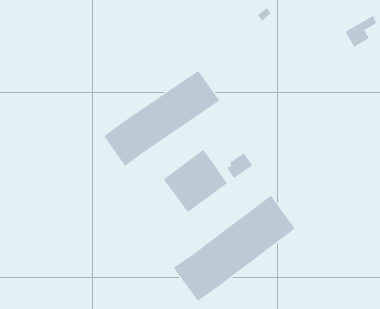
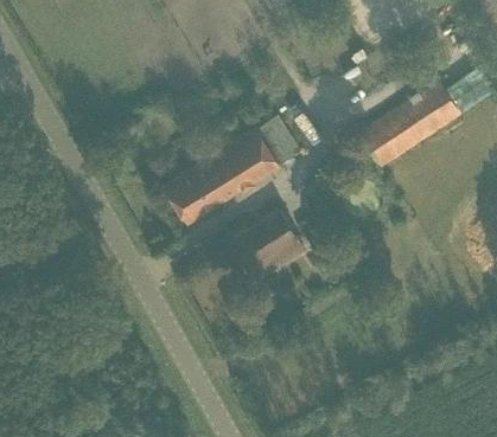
building: none -> [356,83,461,169]
building: [173,195,296,302] -> none

